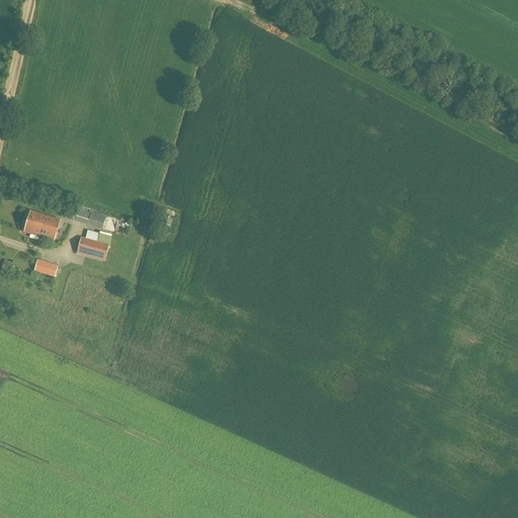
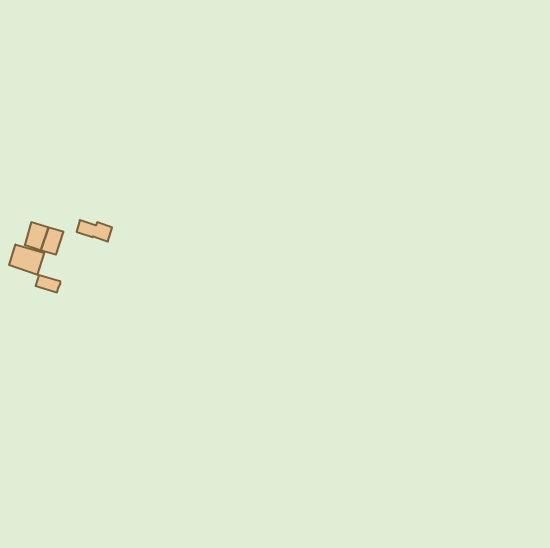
building: [77,228,108,258] -> none
building: none -> [9,244,44,275]

